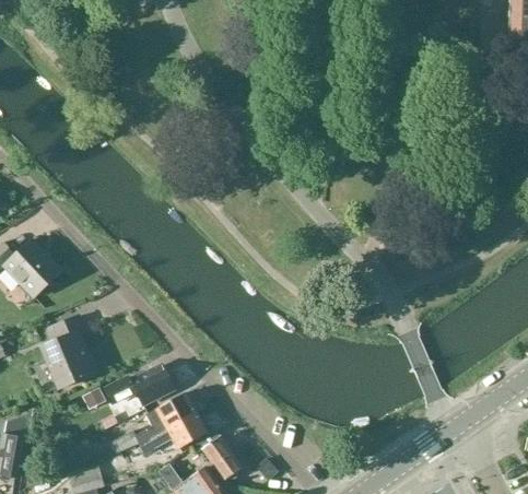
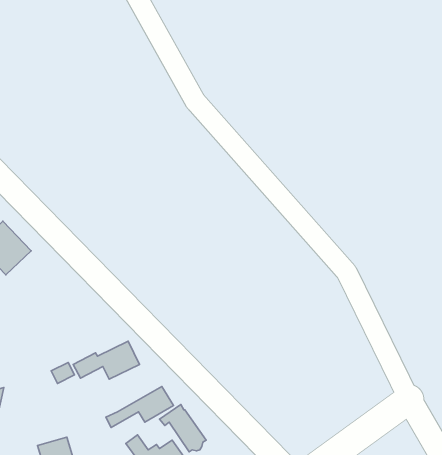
building: [42,316,95,388] -> none
building: [109,392,196,452] -> none

